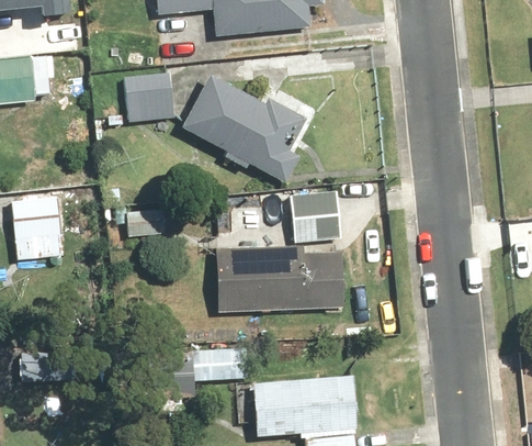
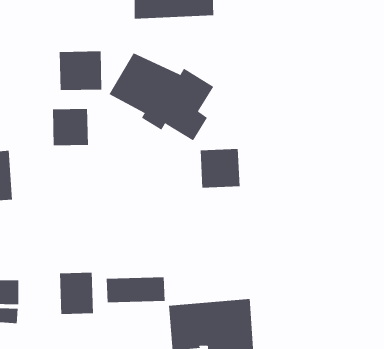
building: none -> [52,108,88,146]
building: [214,244,344,311] -> none
building: none -> [60,272,93,315]

